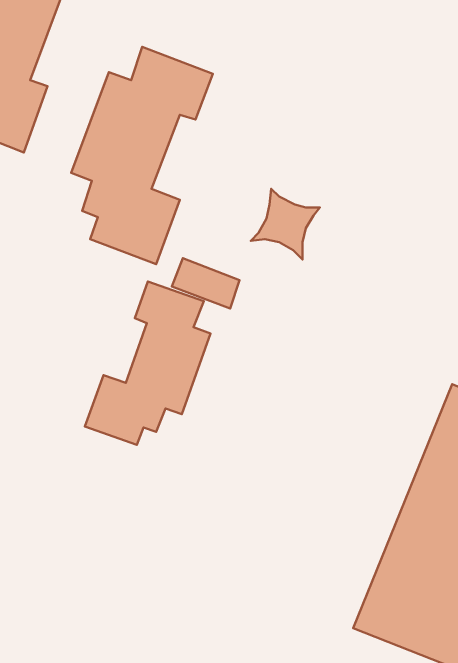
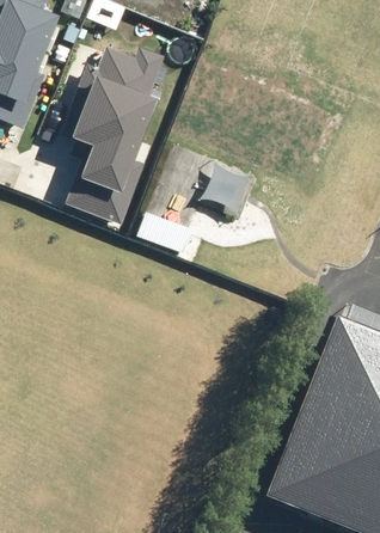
building: [85,281,211,445] -> none

